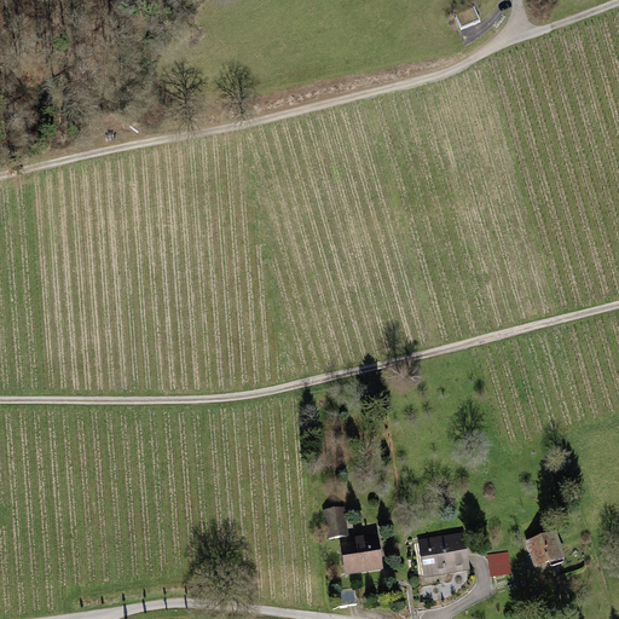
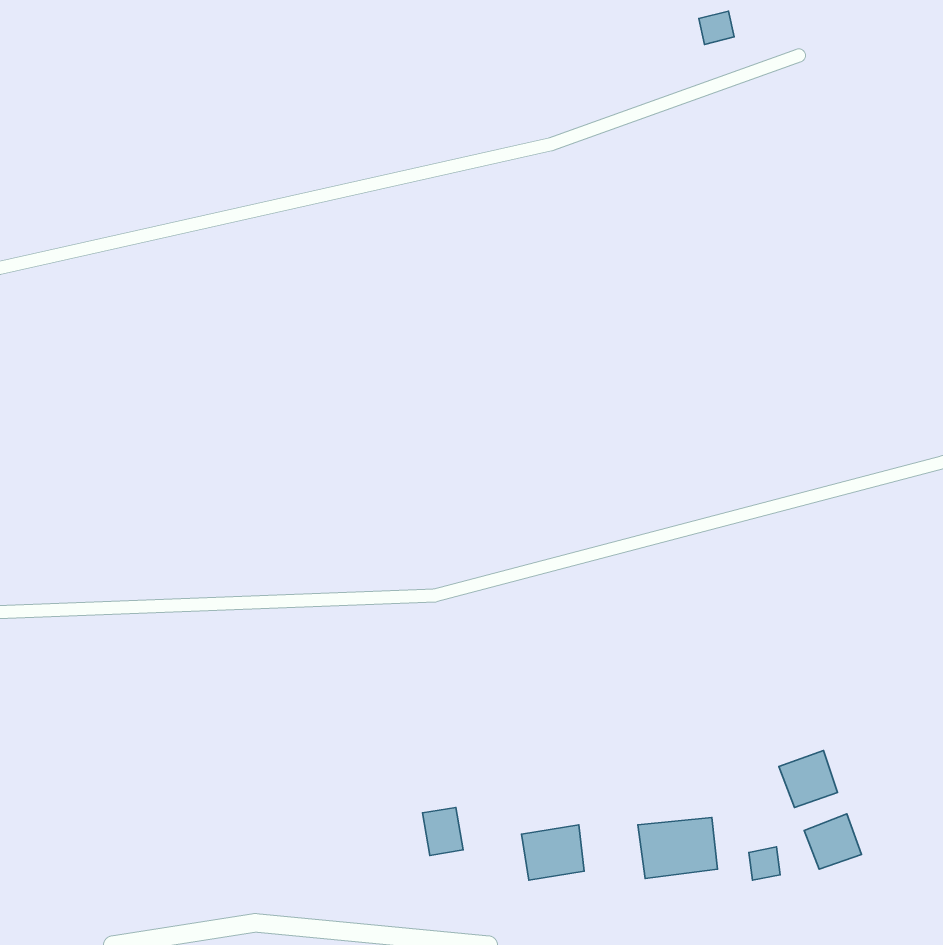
building: none -> [779,750,838,808]
building: [322,508,348,539] -> [423,807,463,855]

